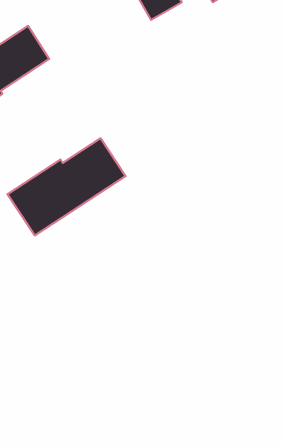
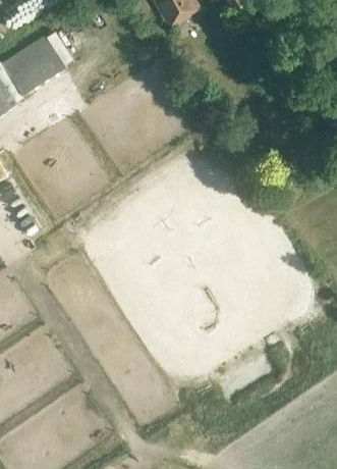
building: [7,138,126,236] -> none

